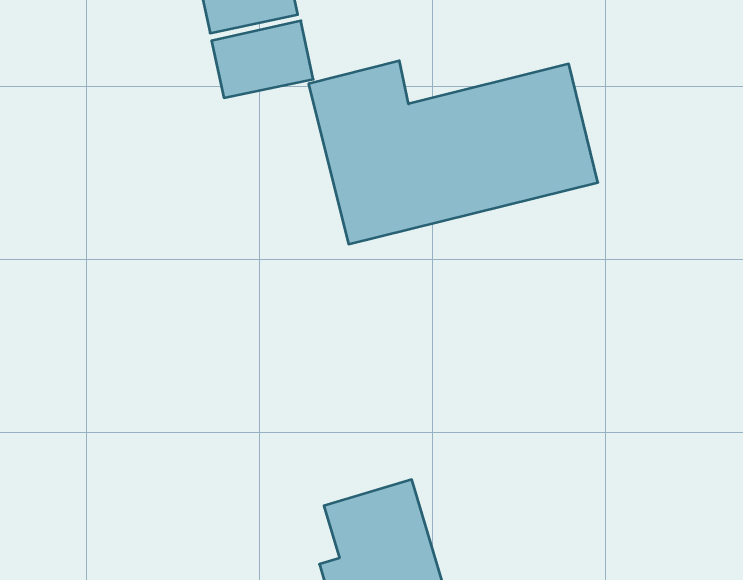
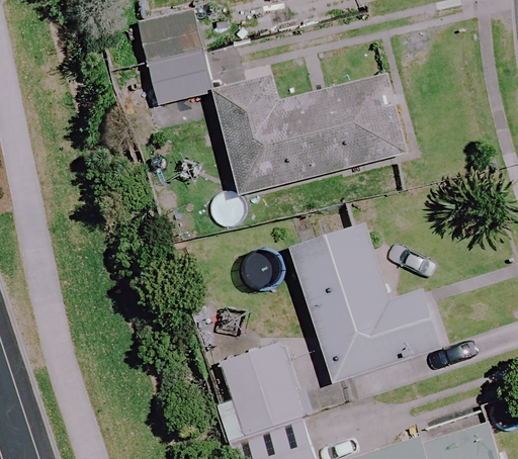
building: none -> [288,219,440,381]

